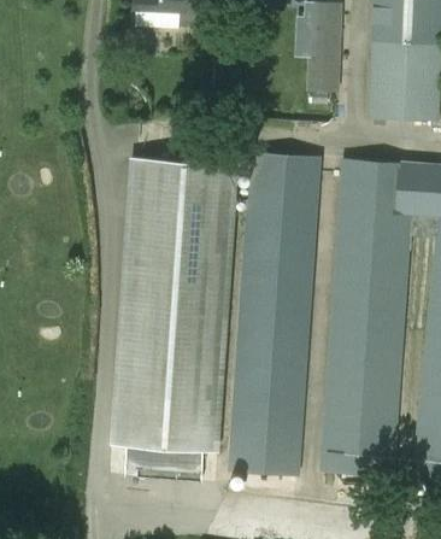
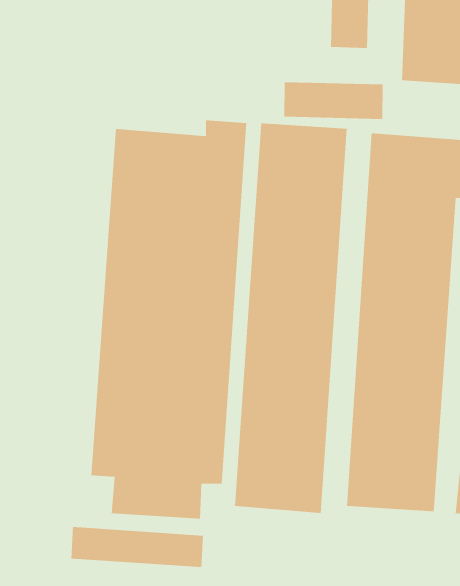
building: none -> [284,81,383,120]
building: none -> [71,526,203,568]

